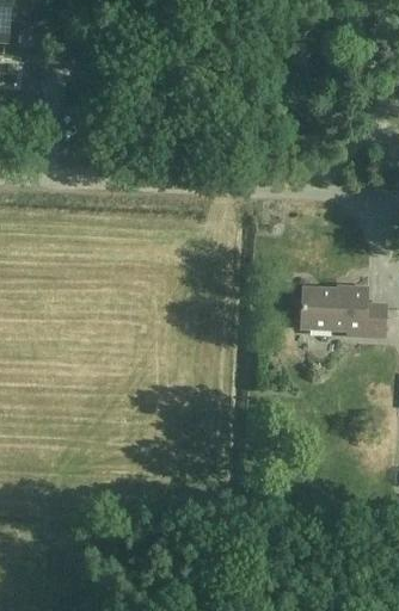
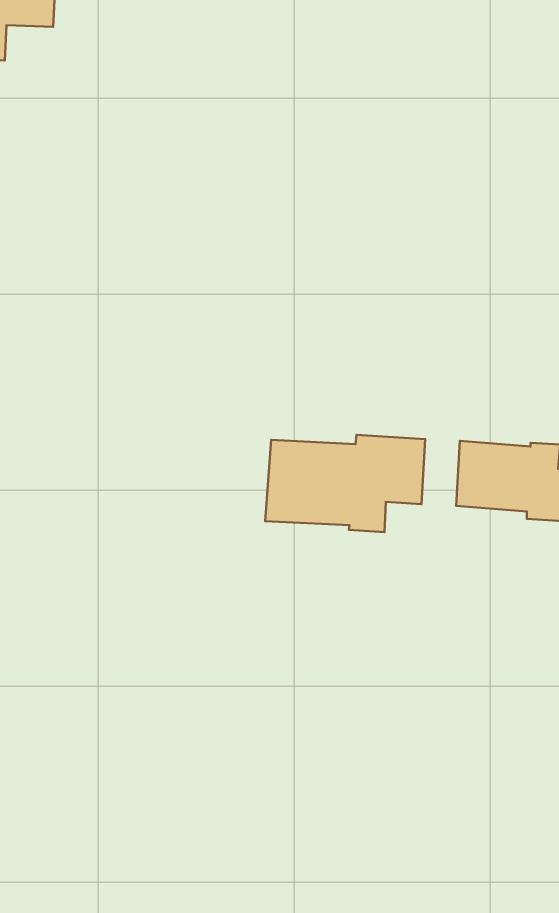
building: none -> [265,435,425,532]

